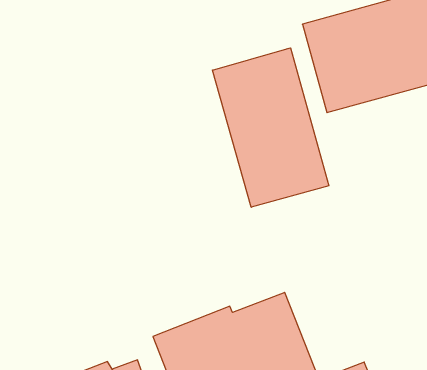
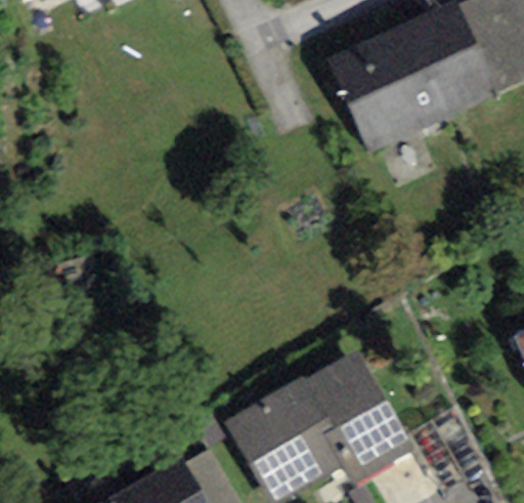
building: [212,48,329,207] -> none

